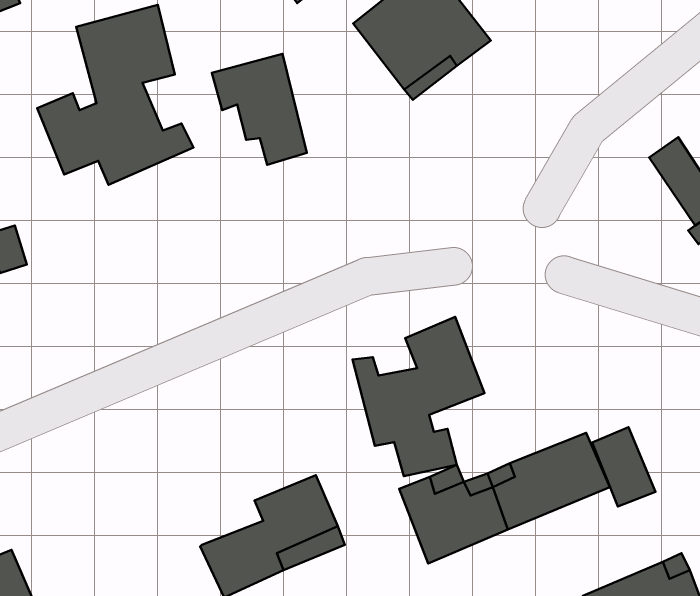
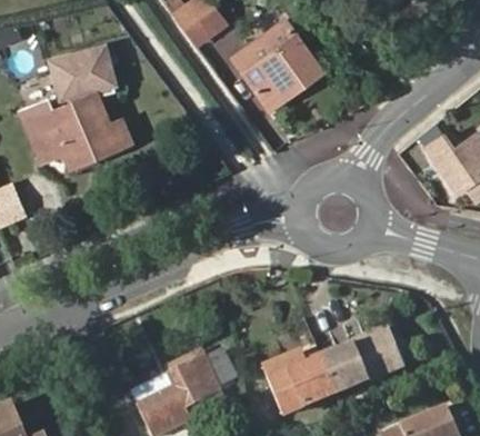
building: [212,54,307,165] -> none
building: [353,317,485,476] -> none
building: [592,427,656,507] -> none

